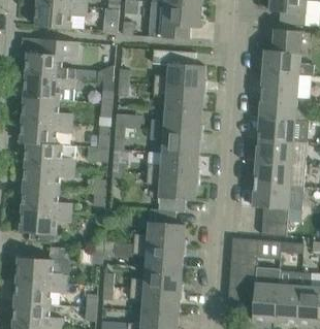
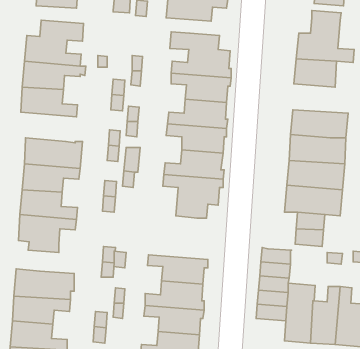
building: [260,94,310,120] -> none
building: [21,119,71,145] -> none
building: [134,208,187,248] -> none

